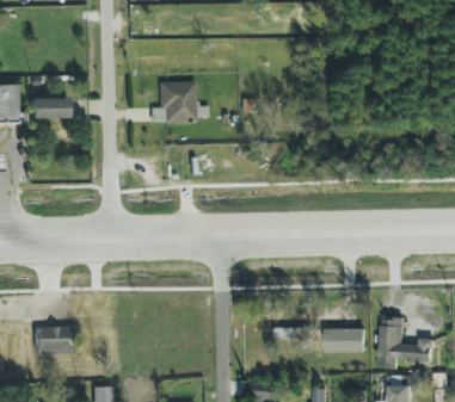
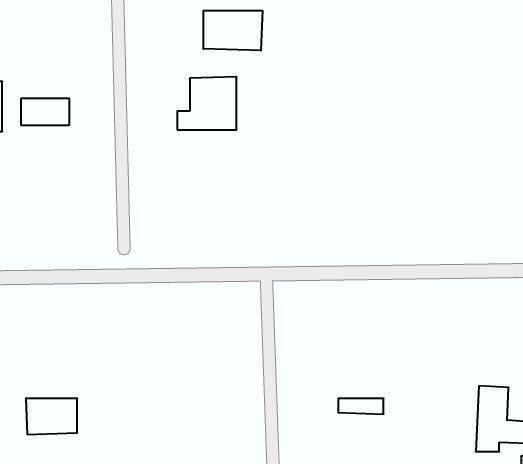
building: none -> [203,11,263,51]
building: [325,328,365,352] -> none

